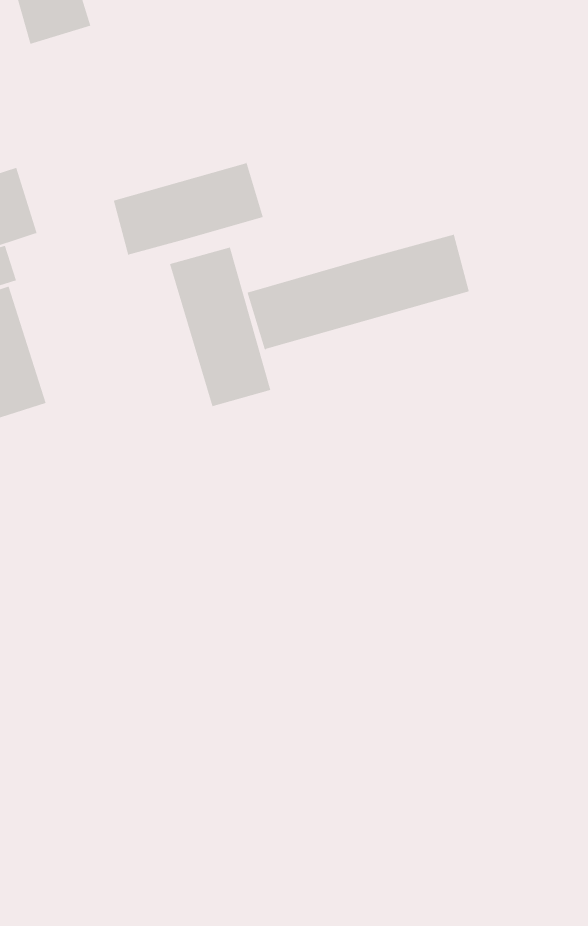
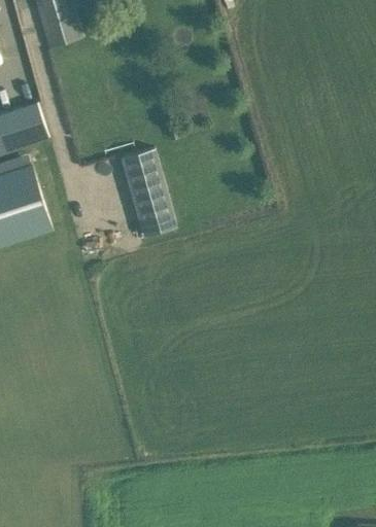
building: [113,162,263,255] -> none
building: [247,234,470,350] -> none

